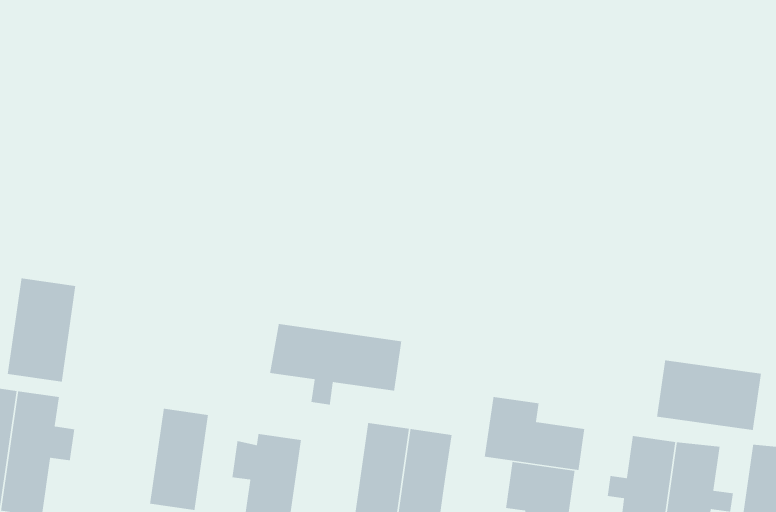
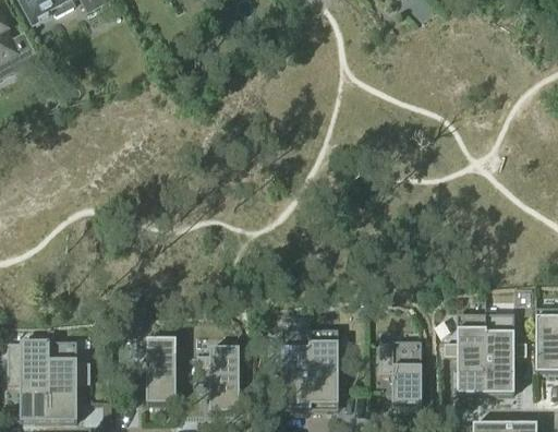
building: [7,278,76,383] -> none
building: [269,323,402,405] -> none
building: [656,359,762,431] -> none
building: [484,396,585,471] -> none

